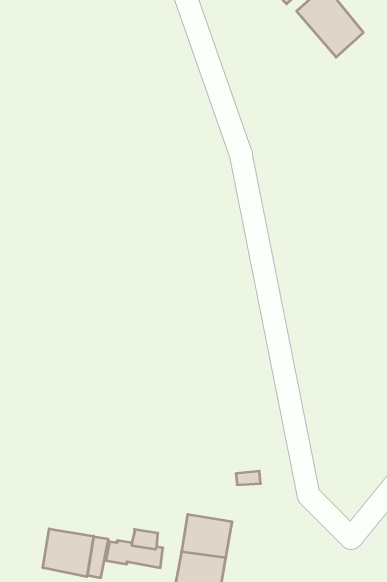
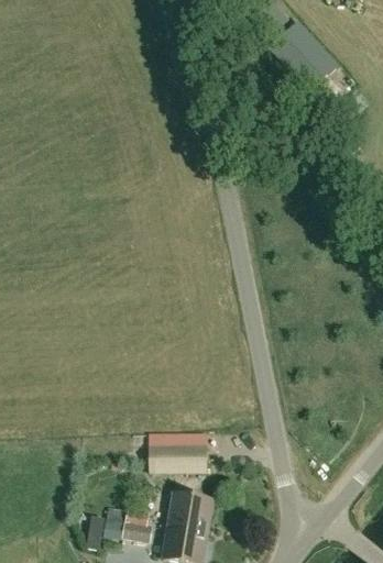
building: none -> [147,440,204,470]
building: [43,529,94,577] -> none

